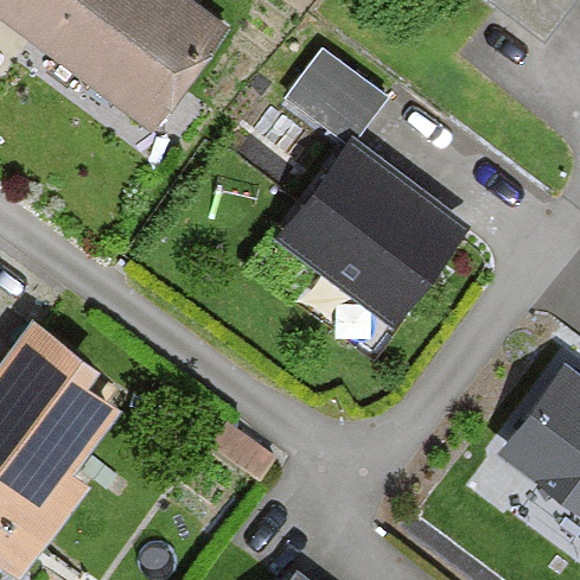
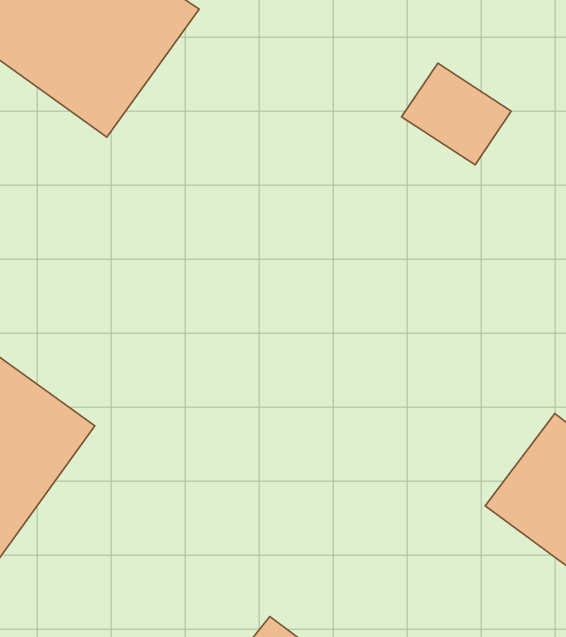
building: [289,44,387,134] -> [402,63,511,165]
building: [291,160,458,317] -> none

